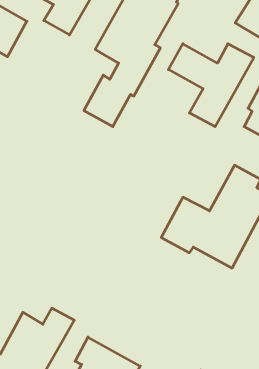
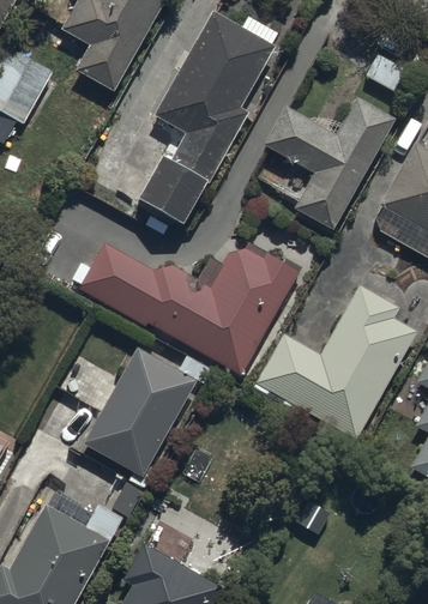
building: none -> [78,242,299,373]
building: none -> [83,346,212,495]

